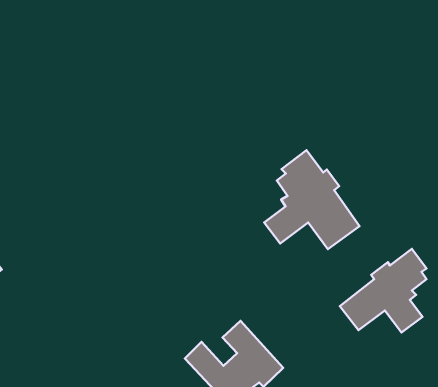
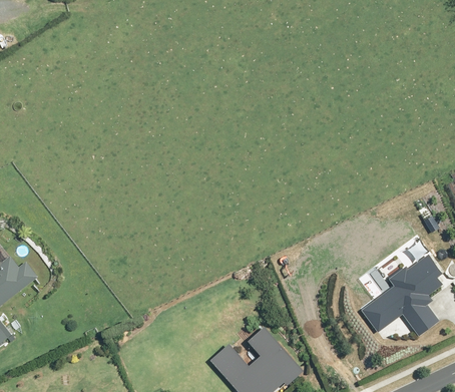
building: [264,150,359,249] -> none

